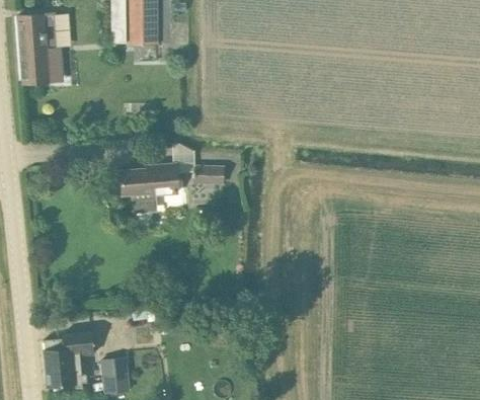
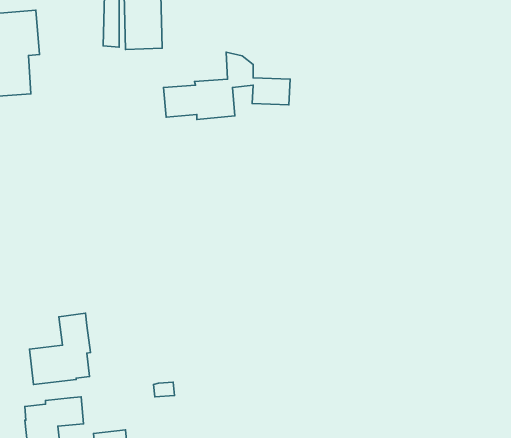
building: [122,143,226,198] -> [164,52,290,120]
building: none -> [29,313,90,384]

